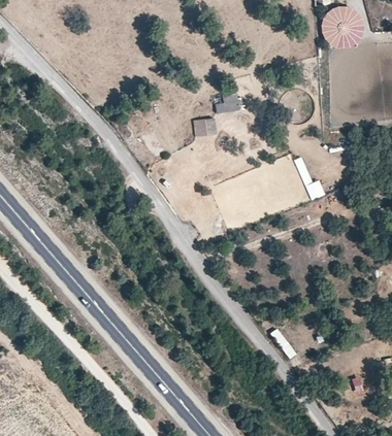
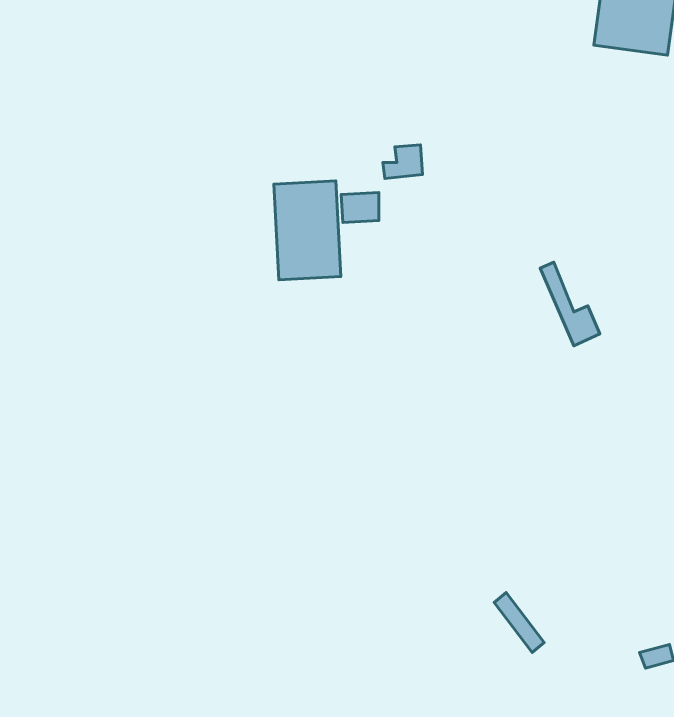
building: none -> [274,181,341,280]

